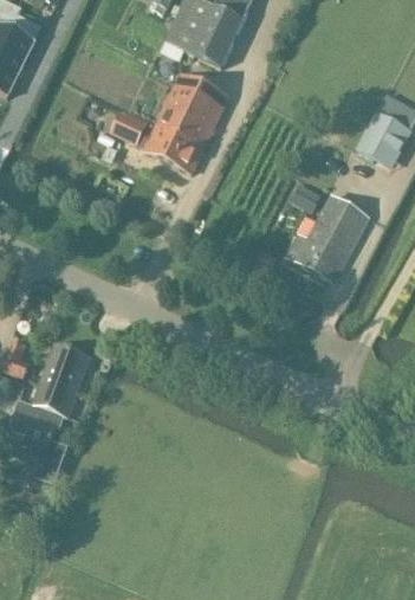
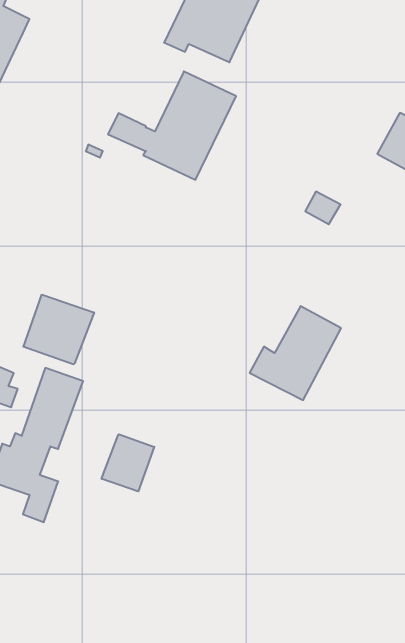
building: [285,195,368,280] -> [250,306,341,400]
building: none -> [23,295,94,364]
building: none -> [102,434,154,491]

